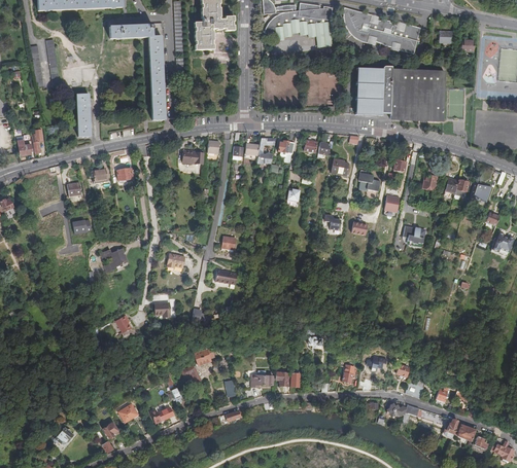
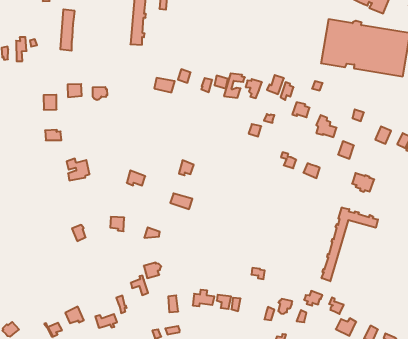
building: none -> [322,207,378,281]

